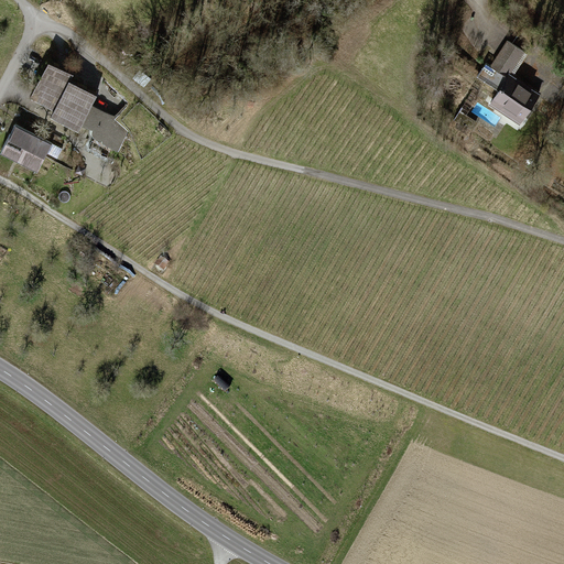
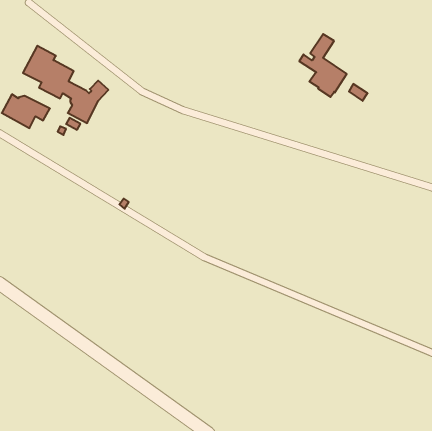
building: [477,44,539,126] -> [299,34,347,97]

